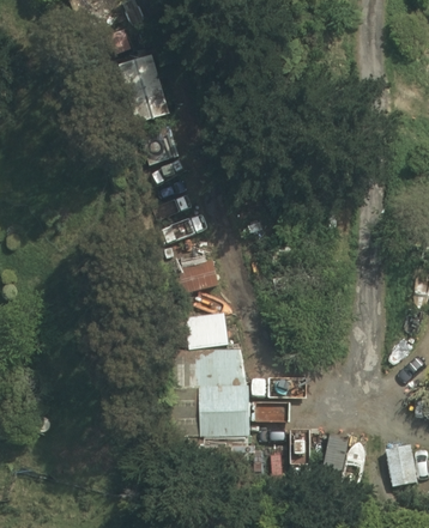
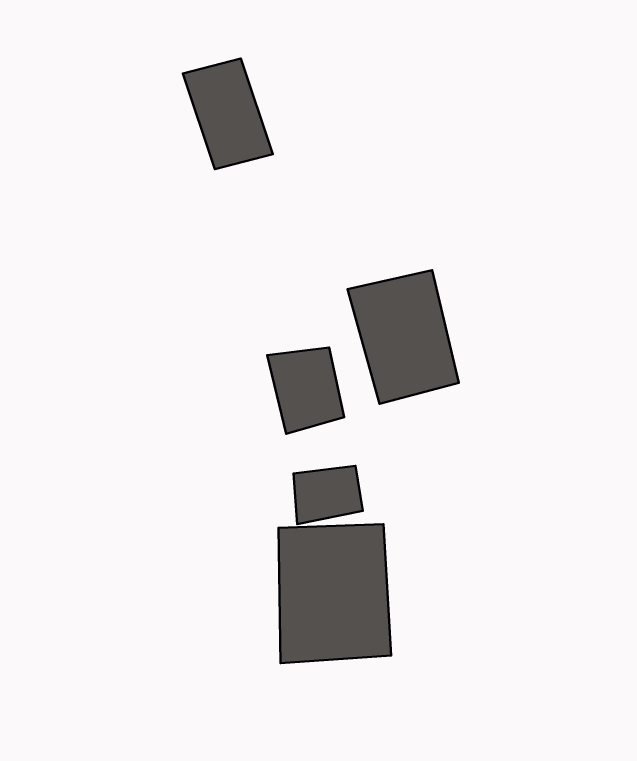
building: none -> [348,270,459,404]

